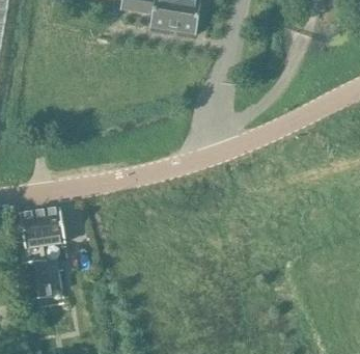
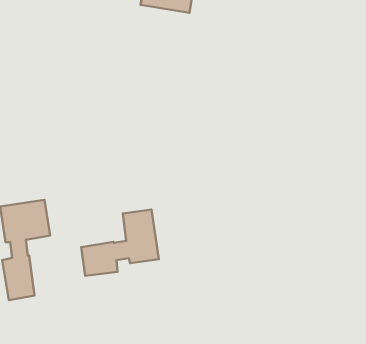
building: none -> [81,209,159,276]

